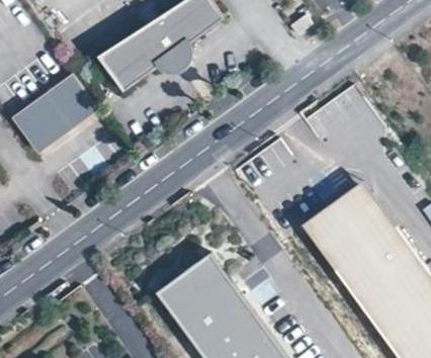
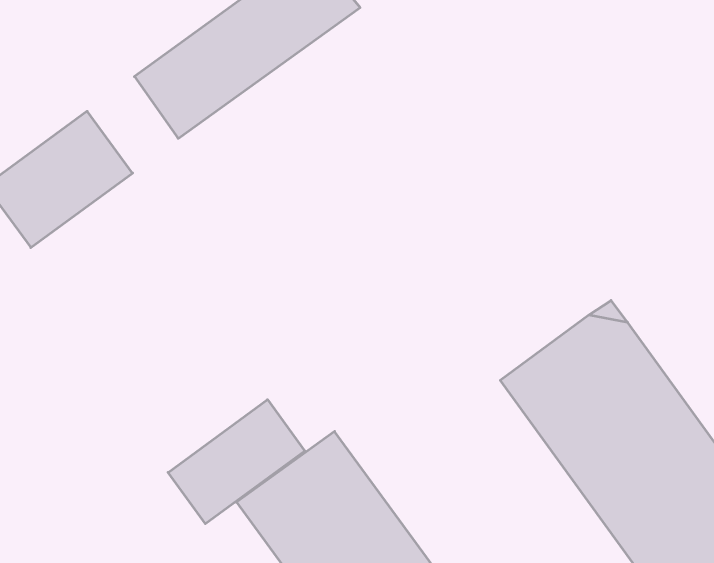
building: none -> [168,400,305,524]

